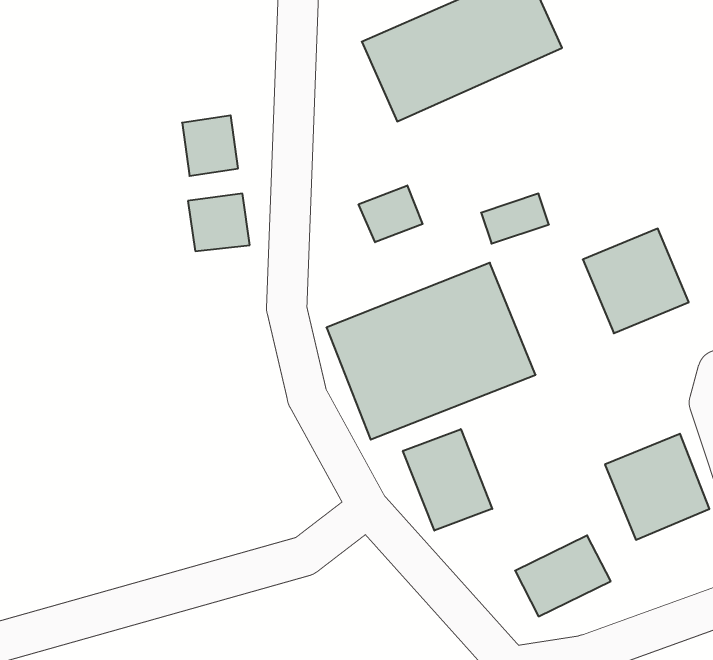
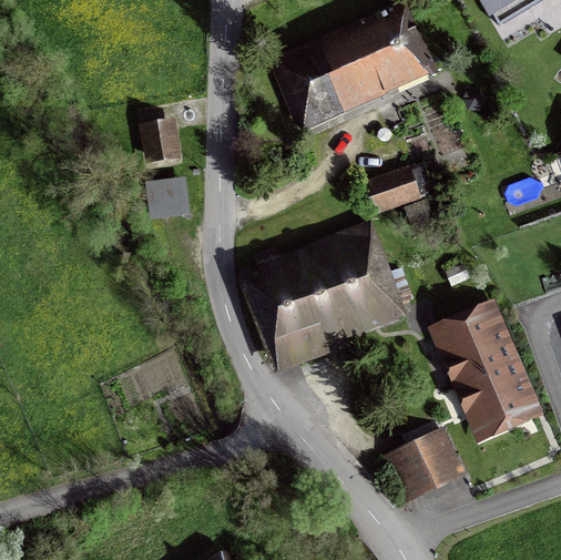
building: [359,185,423,242] -> none
building: [583,229,689,333] -> [436,302,516,380]
building: [403,429,492,531] -> none

